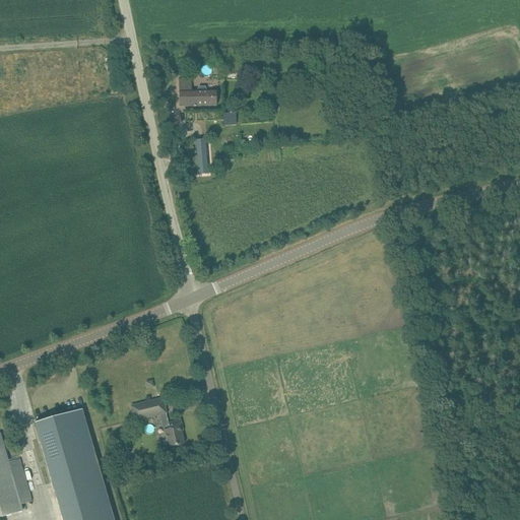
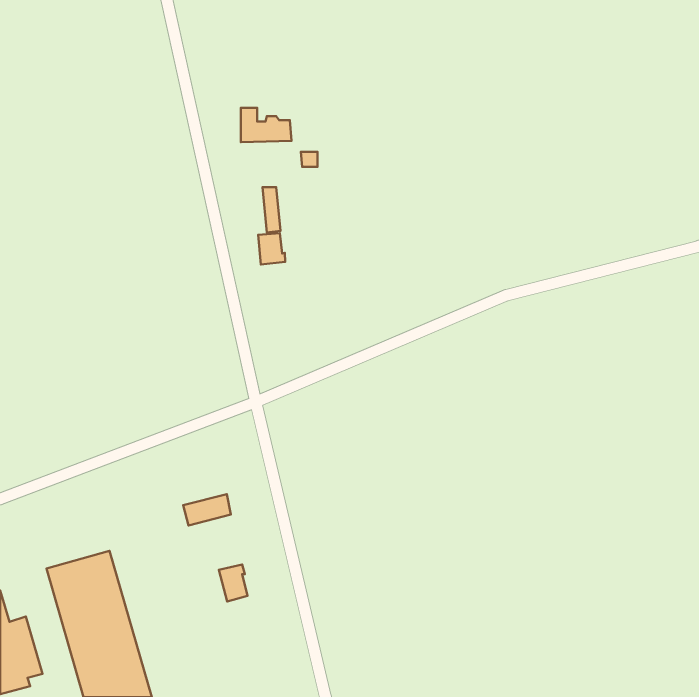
building: none -> [258,233,285,265]
building: [130,397,166,420] -> [183,494,231,526]

